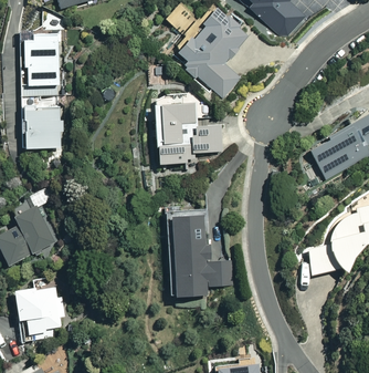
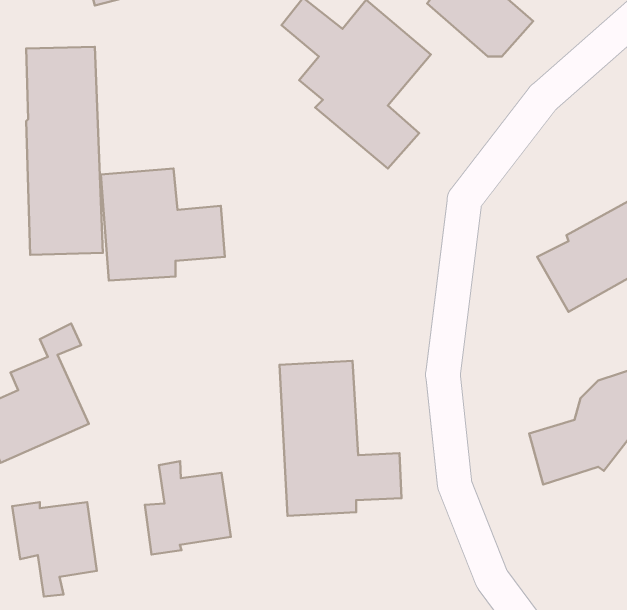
building: [154,101,223,164] -> [101,169,225,281]
building: none -> [145,461,231,554]

